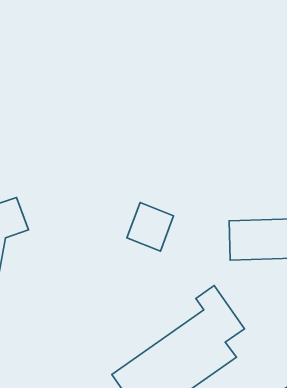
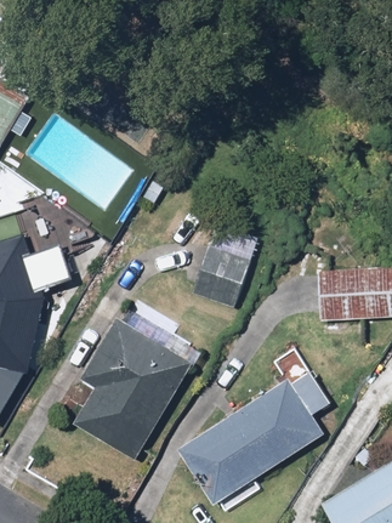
building: none -> [72,315,193,457]

